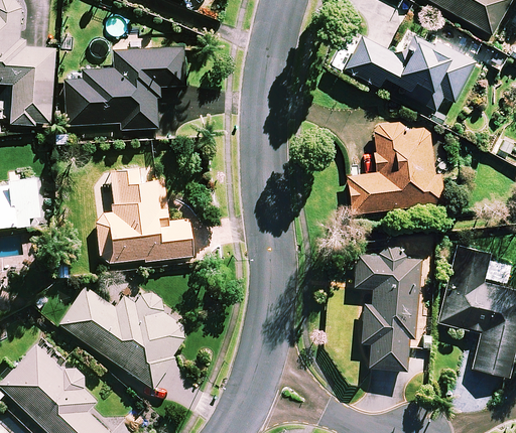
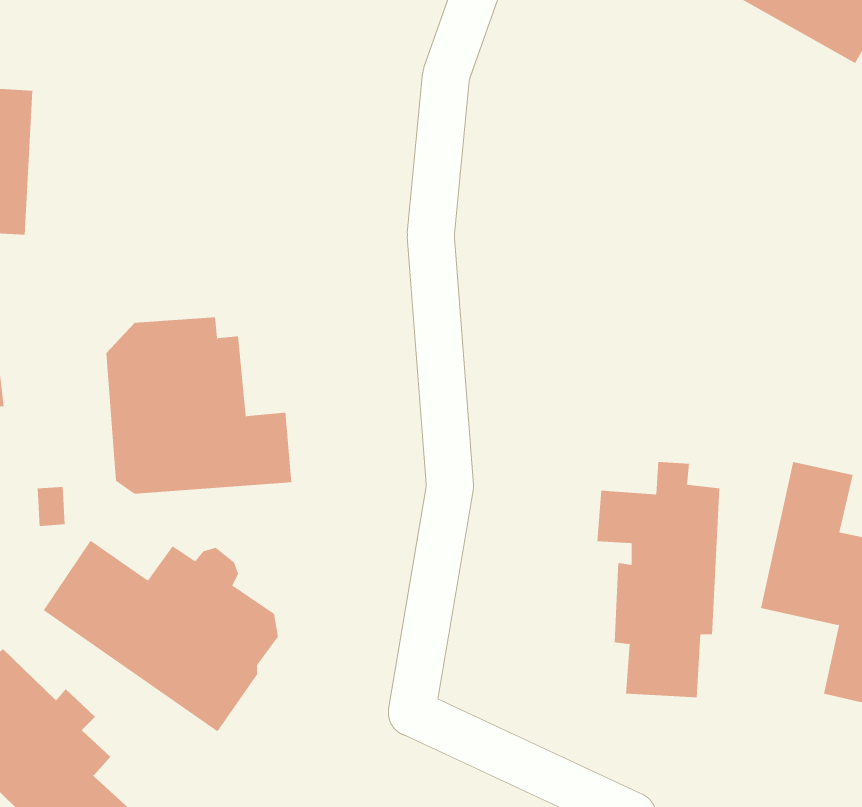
building: [347,36,475,110] -> none
building: [66,46,185,129] -> none
building: [348,121,442,212] -> none

